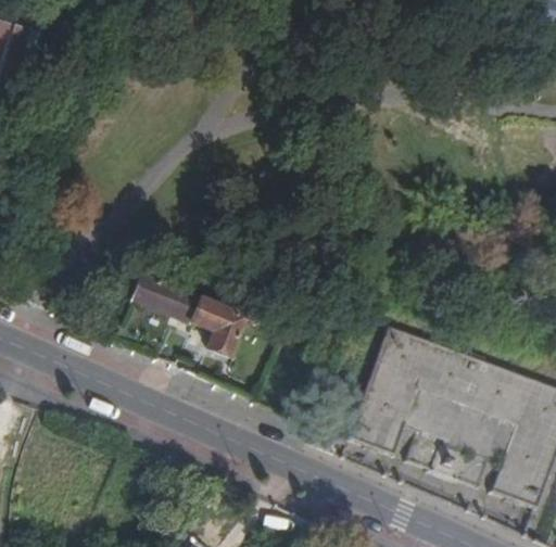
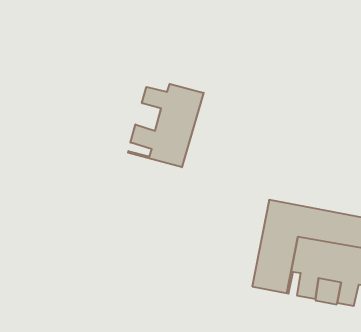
building: none -> [128,84,204,167]
building: [131,272,245,357] -> none

